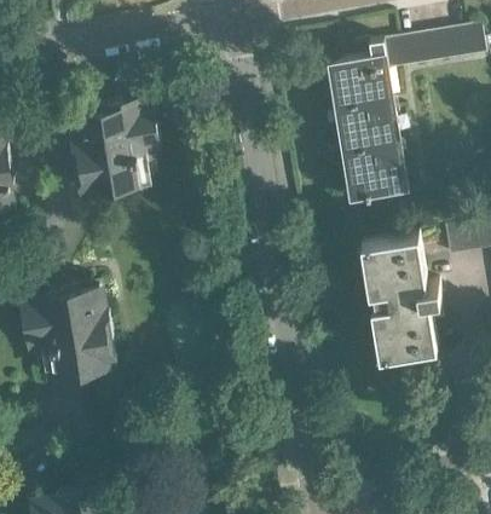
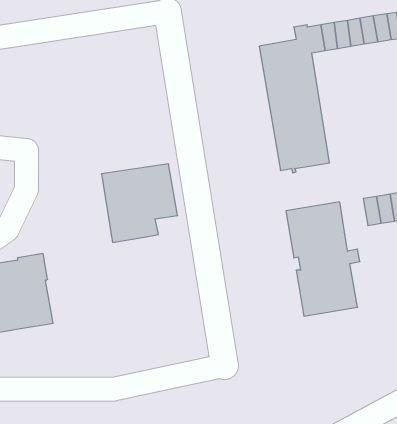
building: [74,106,156,191] -> [101,164,178,242]

